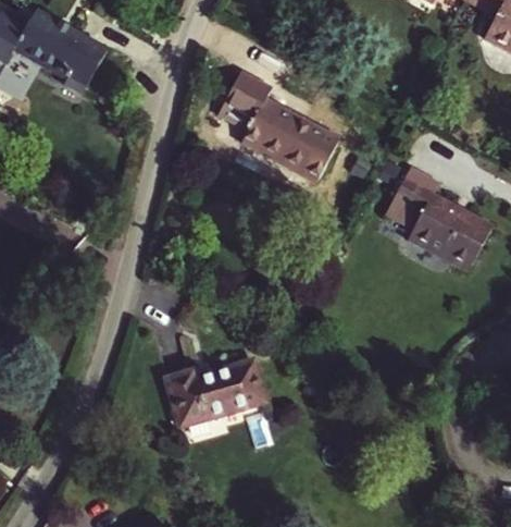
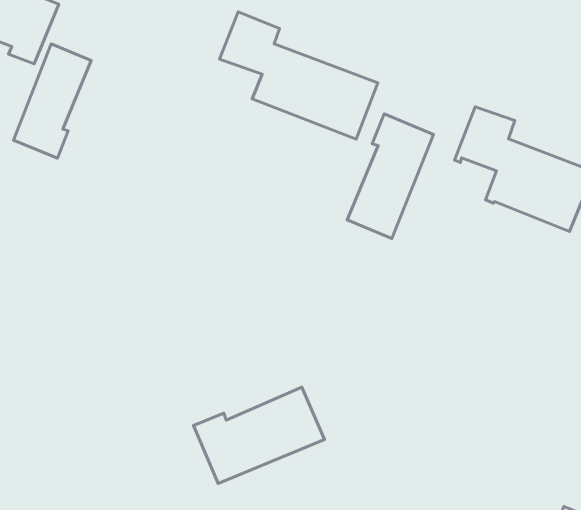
building: none -> [14,44,91,158]
building: none -> [347,114,433,239]

